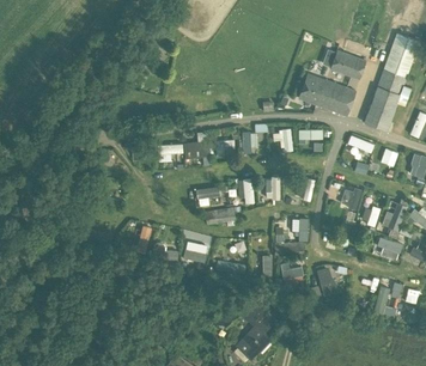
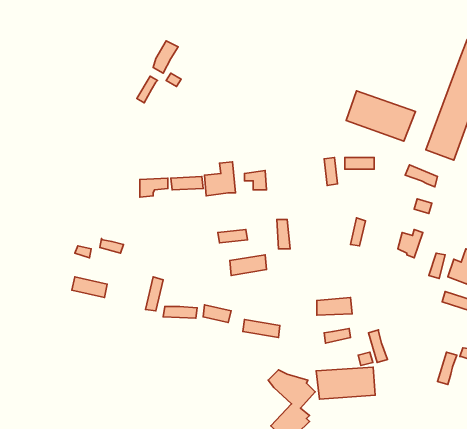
building: [322,48,366,79] -> none
building: none -> [316,367,375,399]

